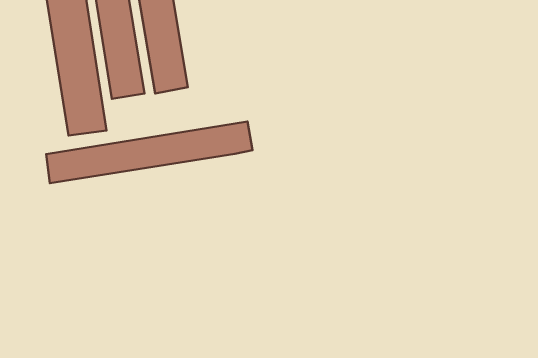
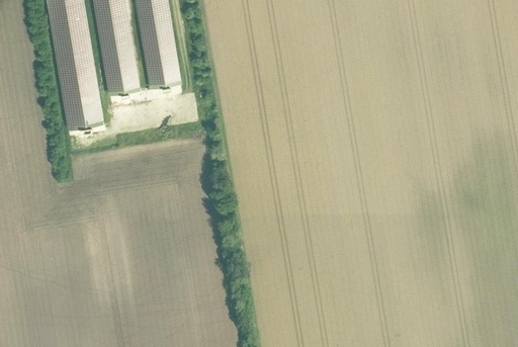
building: [46,122,252,183] -> none

